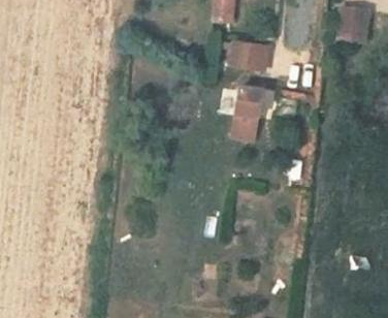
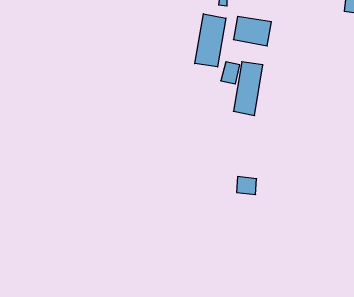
building: none -> [195,14,226,67]

